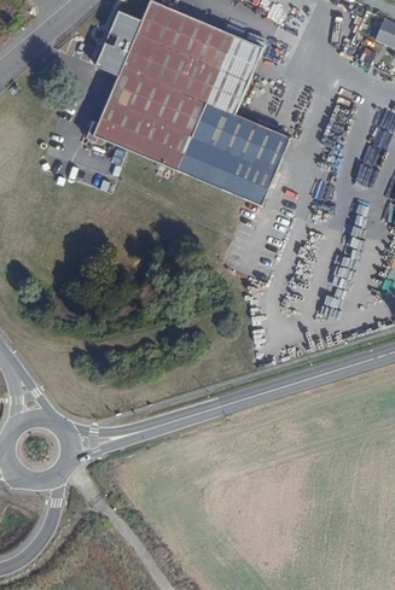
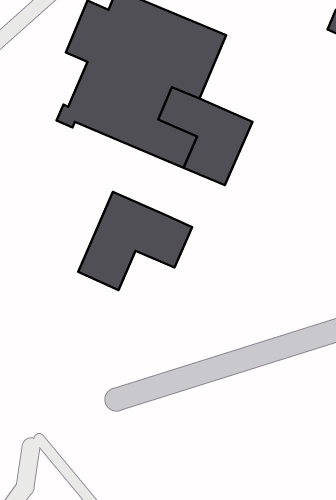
building: none -> [78,192,192,290]

